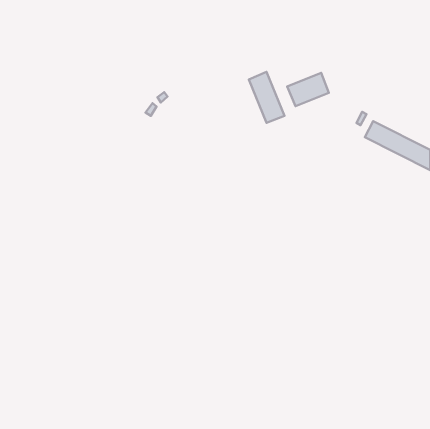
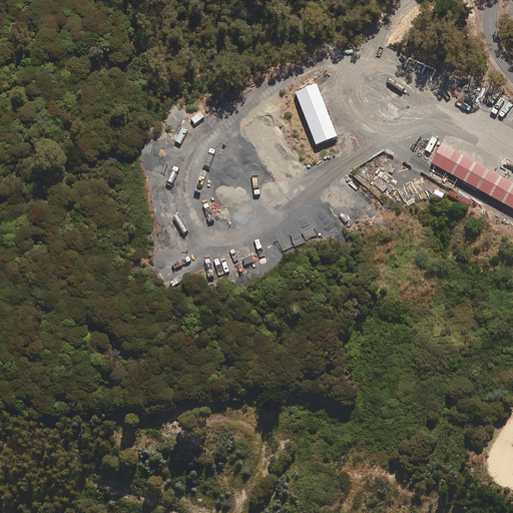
building: [287,73,329,106] -> none

